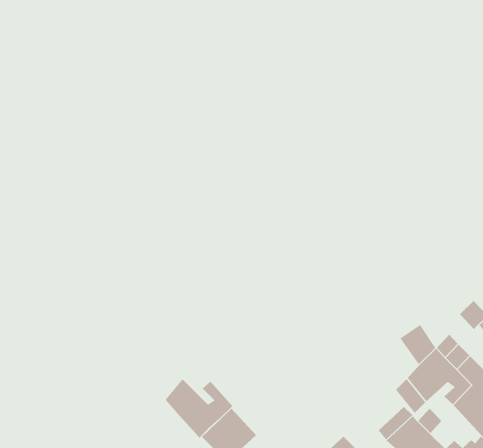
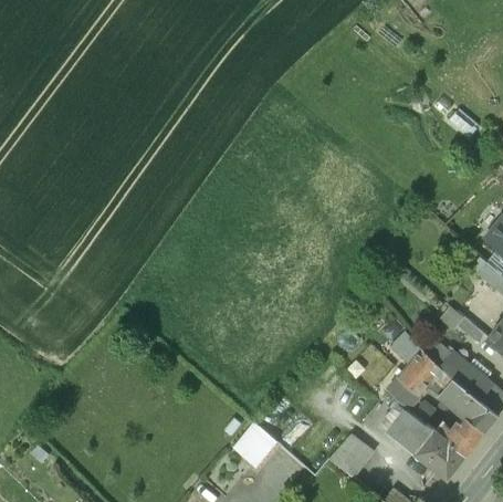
building: [165,378,233,438] -> none

